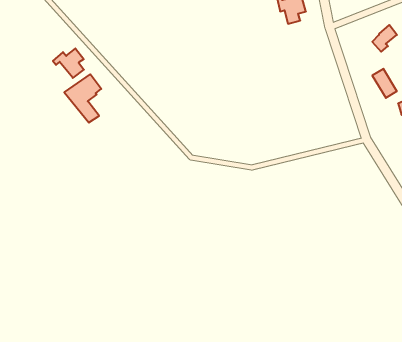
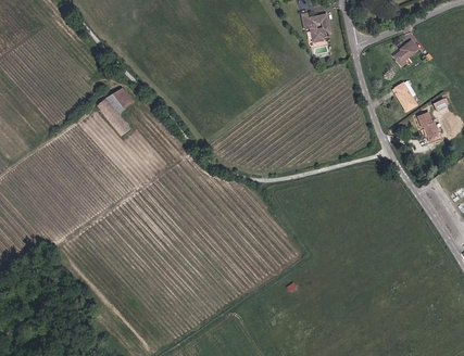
building: [53,48,84,78] -> none

